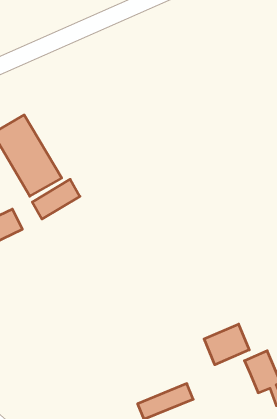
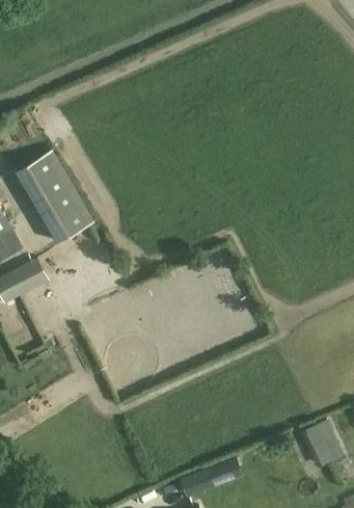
building: [32,179,80,219] -> none
building: [204,324,249,365] -> none

